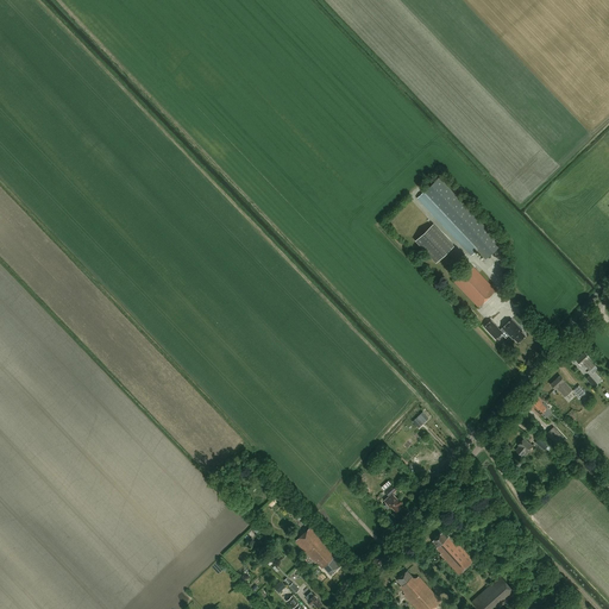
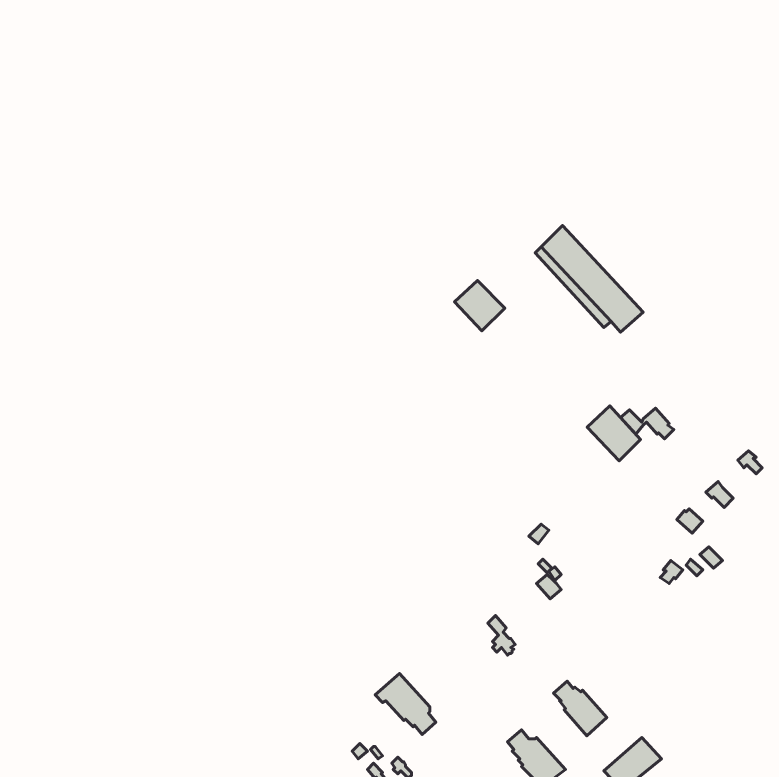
building: [414,225,453,264] -> [455,281,505,331]
building: [453,265,495,308] -> [587,406,640,461]

